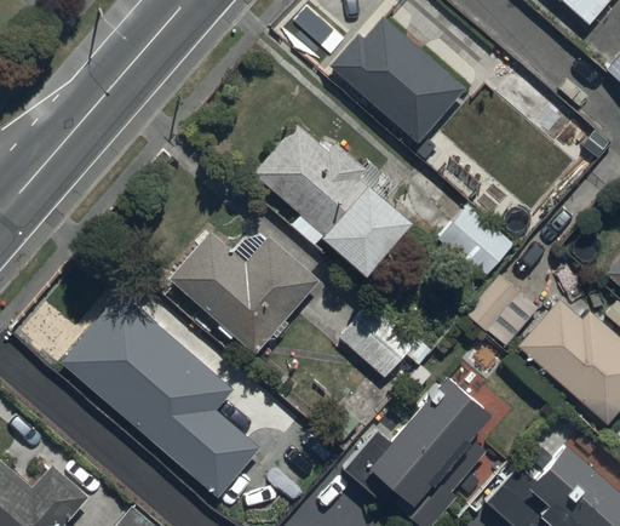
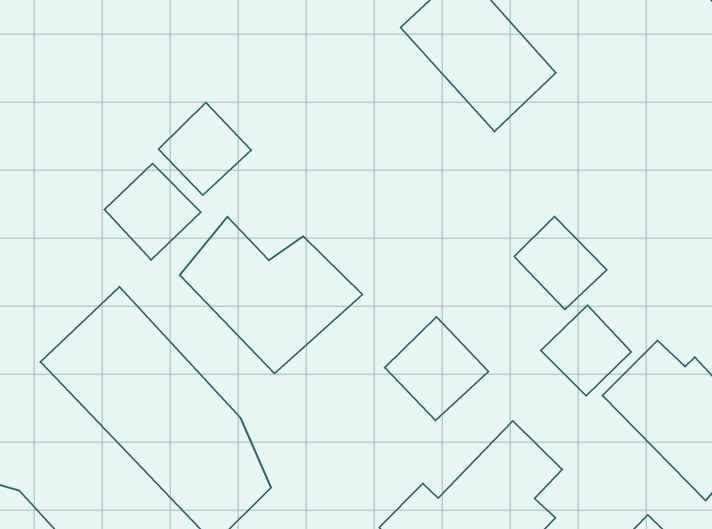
building: [251,125,411,274] -> none
building: none -> [159,103,251,195]
building: none -> [104,164,201,260]

